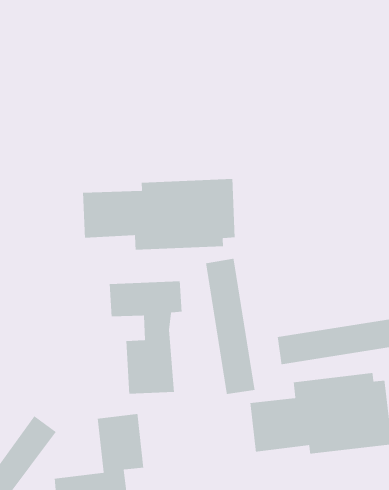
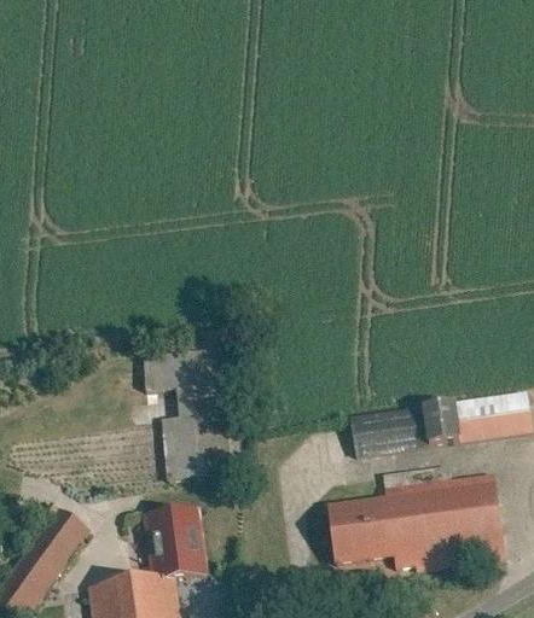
building: [82,178,235,250] -> none
building: [205,258,255,395] -> none

